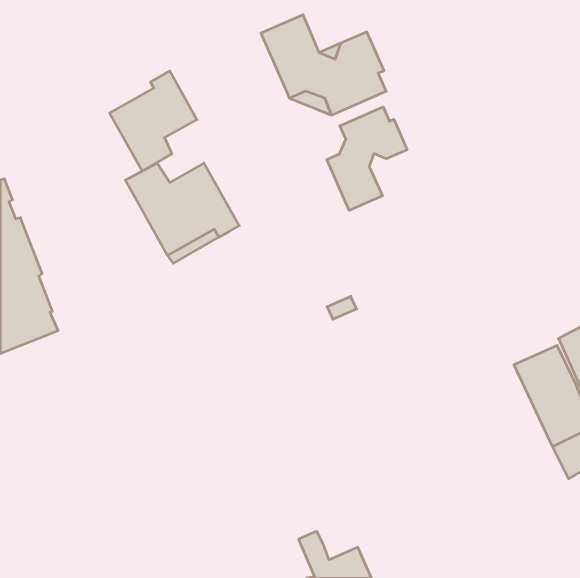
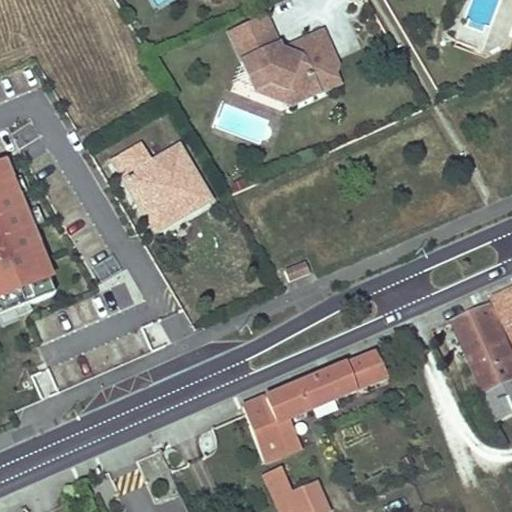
building: [110,71,197,171] -> none
building: [327,107,407,210] -> none
building: none -> [242,350,387,459]

